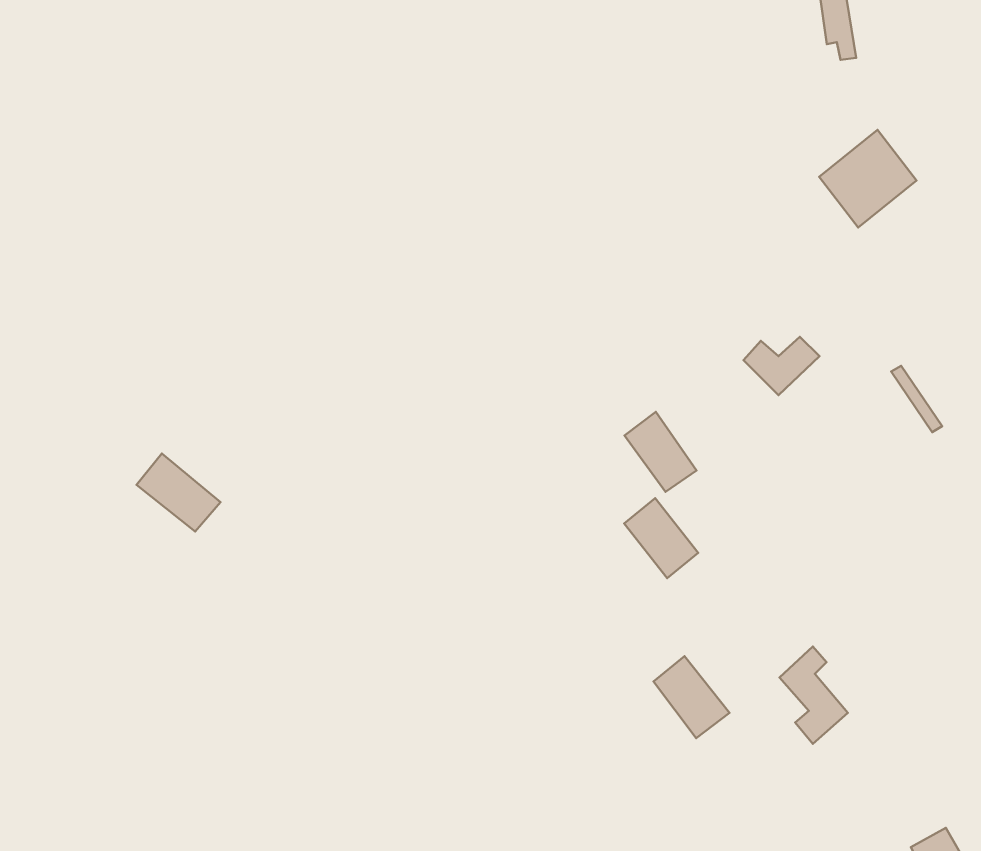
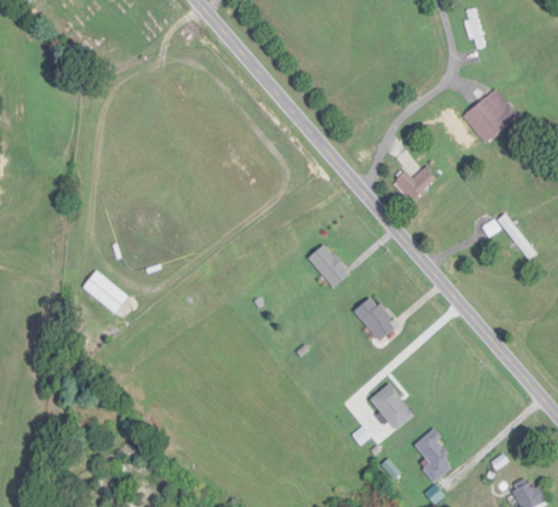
building: [743,337,819,395] -> [393,168,436,201]
building: [624,412,697,492] -> [308,243,349,288]
building: [780,646,848,744] -> [414,427,452,482]

